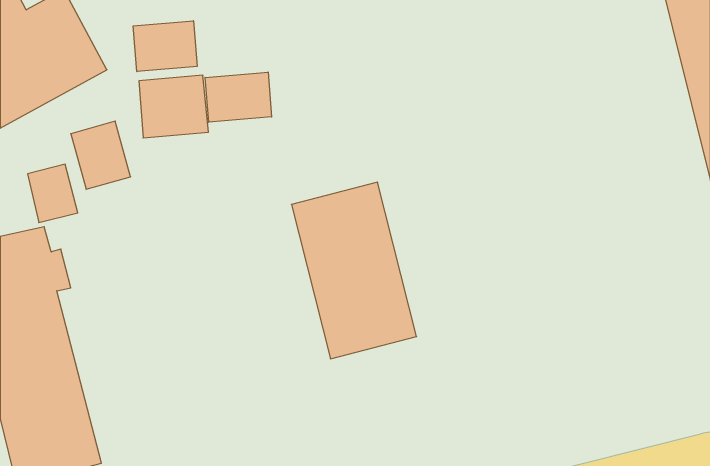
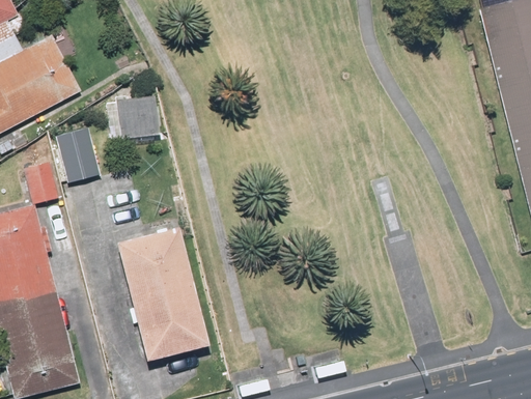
building: [133,21,197,72] -> none
building: [205,72,272,122] -> none
building: [291,182,417,359] -> [114,230,207,362]

